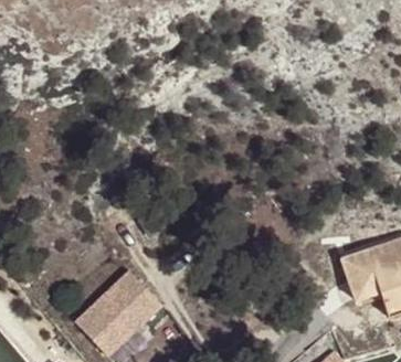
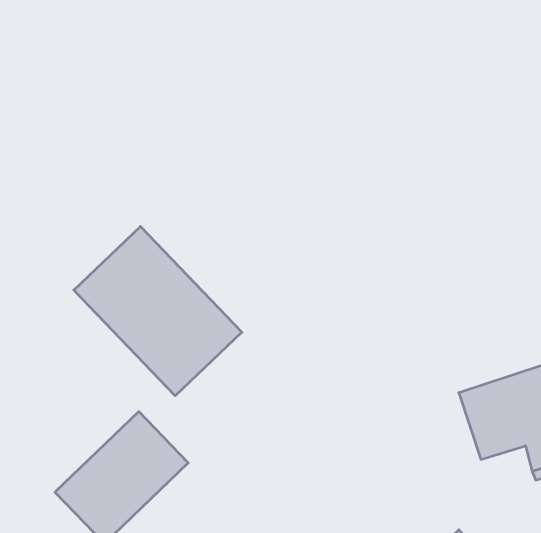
building: none -> [74,226,242,396]

